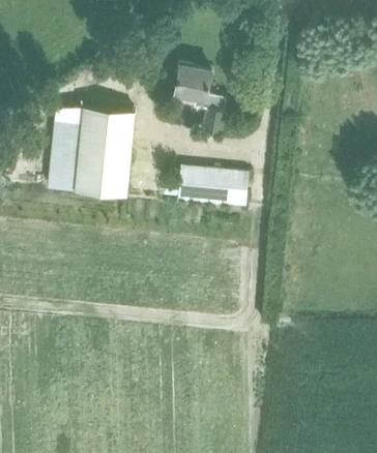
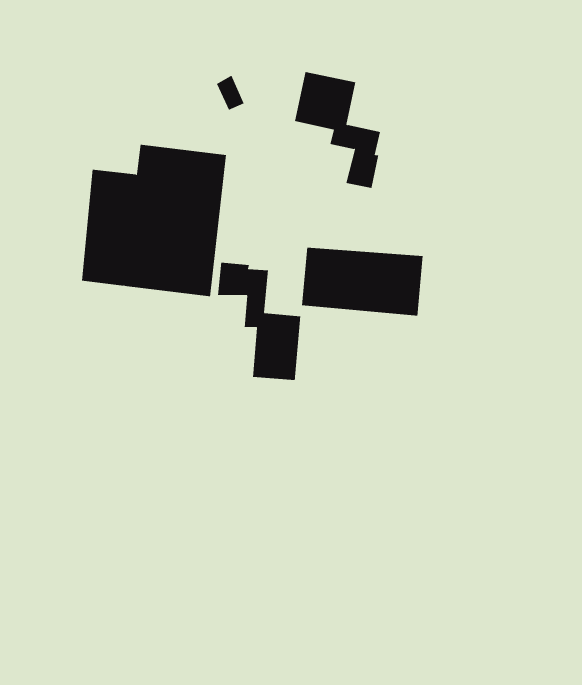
building: none -> [218,262,301,381]

